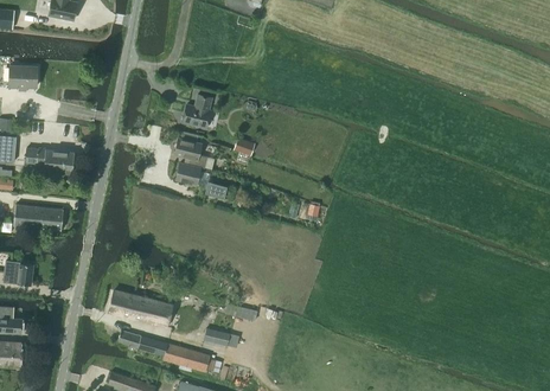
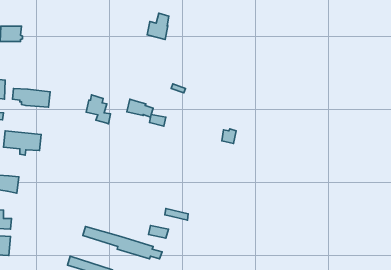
building: [184,94,212,128] -> [147,13,169,39]
building: [175,132,207,169] -> [86,95,110,124]
building: [110,289,174,327] -> none

